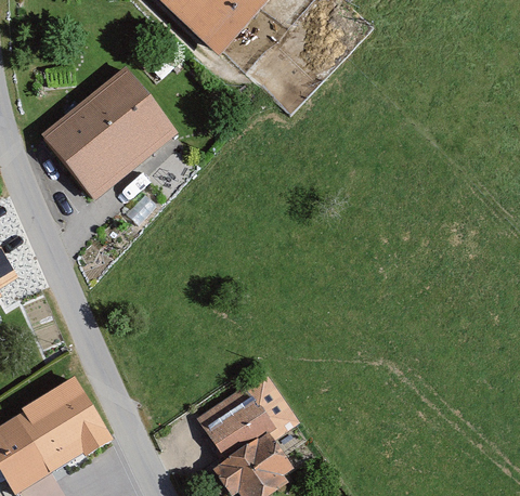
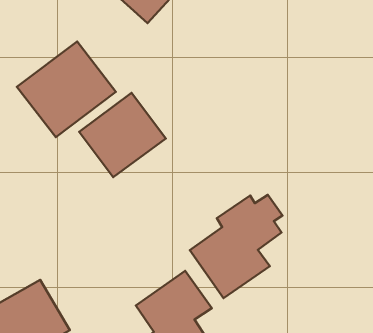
building: none -> [79,93,166,177]
building: none -> [190,195,282,298]

